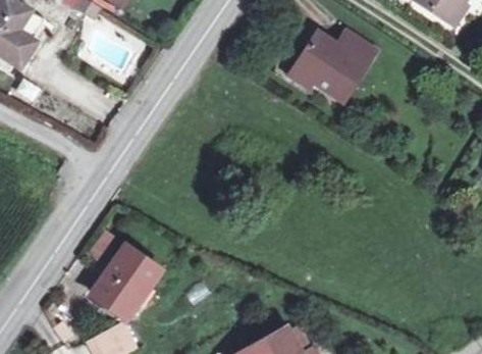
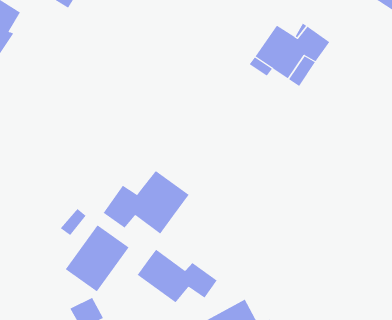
building: none -> [103,170,190,235]
building: none -> [137,249,218,303]

